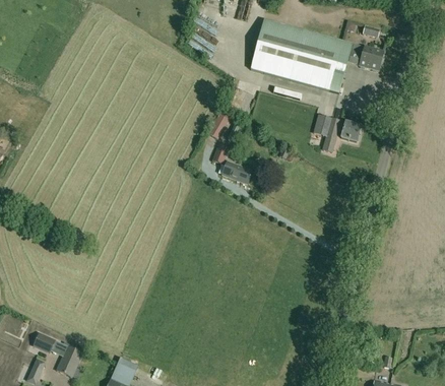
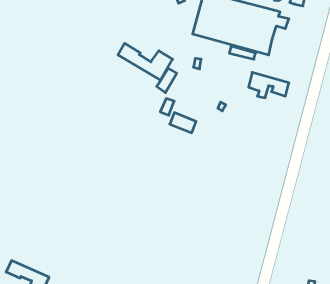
building: [358,45,384,69] -> none
building: none -> [118,43,173,80]

